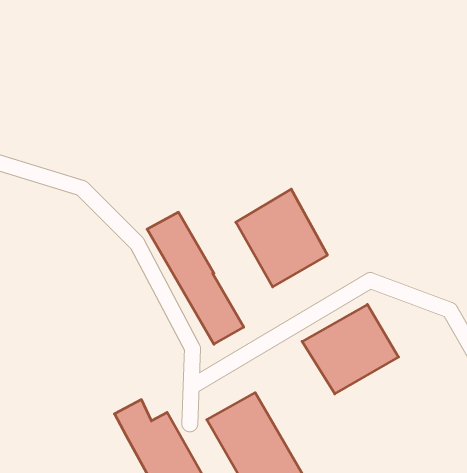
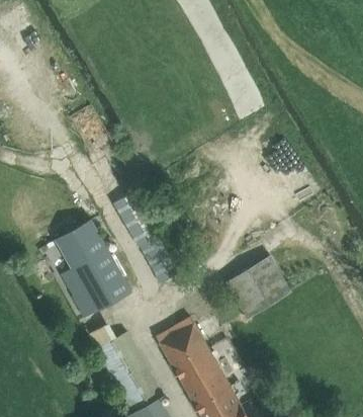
building: [236,189,327,287] -> none
building: none -> [55,222,129,322]

